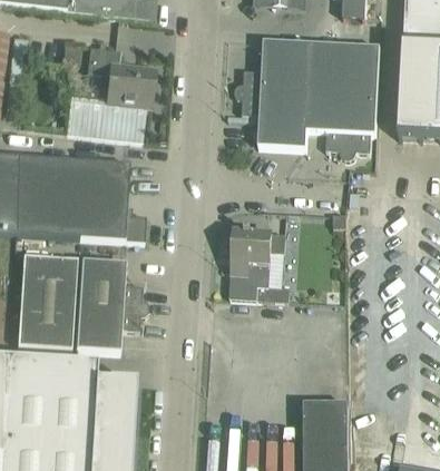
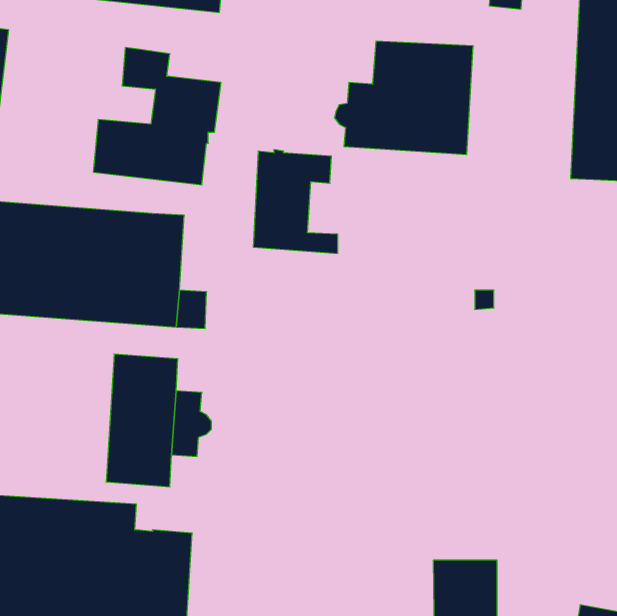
building: [258,43,381,158] -> none
building: [231,228,290,301] -> [253,150,338,253]
building: [18,255,77,347] -> none

